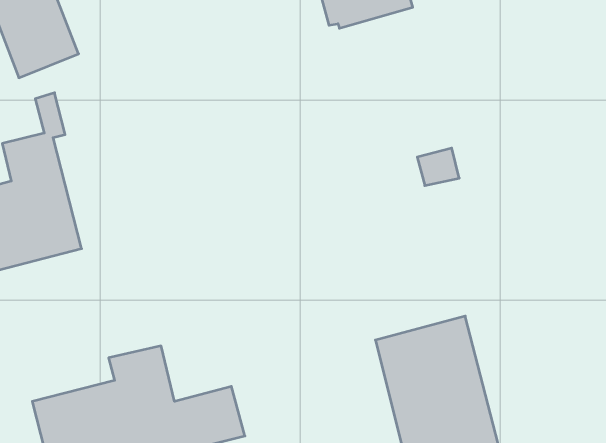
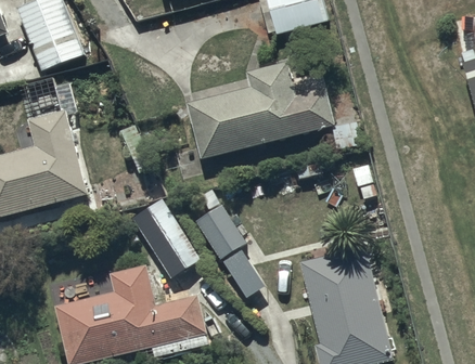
building: none -> [185,61,334,156]
building: none -> [194,191,264,298]
building: none -> [131,200,196,276]

